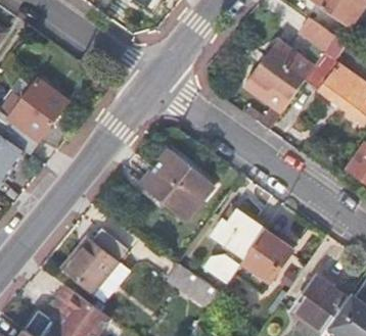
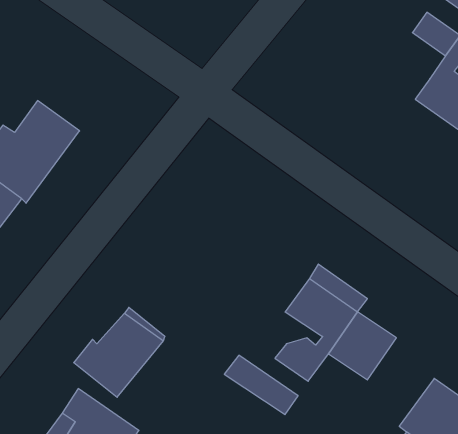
building: [247,43,314,111] -> none
building: [141,151,212,222] -> none

